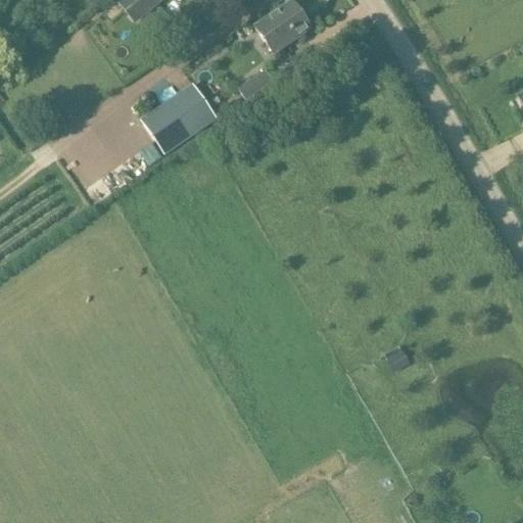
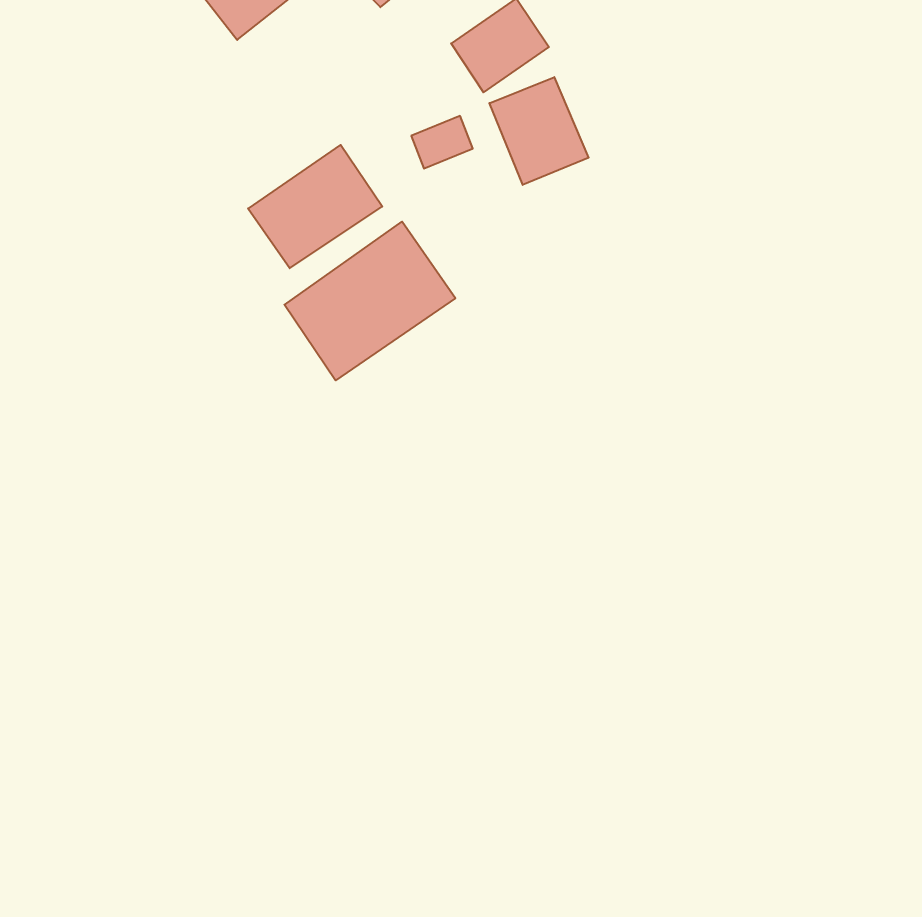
building: none -> [489,77,589,185]
building: none -> [284,222,455,380]

